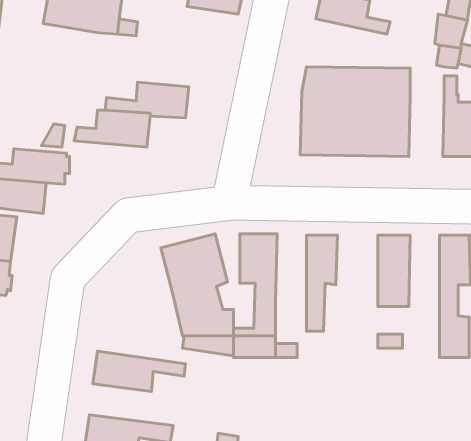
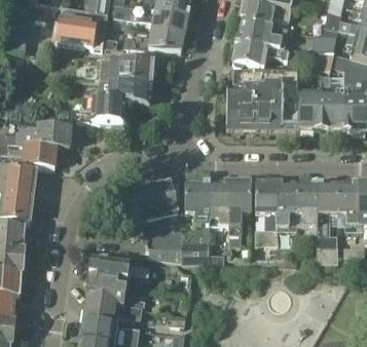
building: none -> [124,28,185,49]
building: none -> [232,36,291,64]
building: none -> [97,55,153,81]
building: none -> [298,87,322,127]
building: none -> [210,179,230,224]
building: none -> [256,180,278,242]
building: none -> [298,180,319,229]
building: none -> [85,278,145,306]

